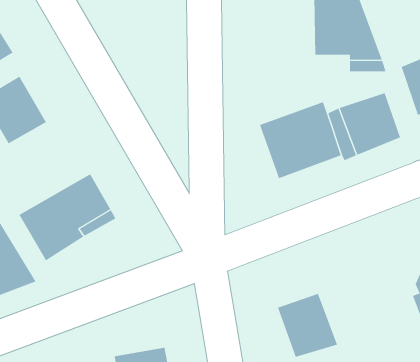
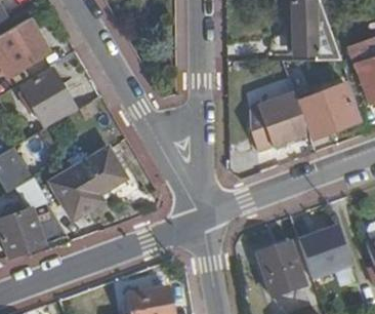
building: none -> [294,220,357,284]

